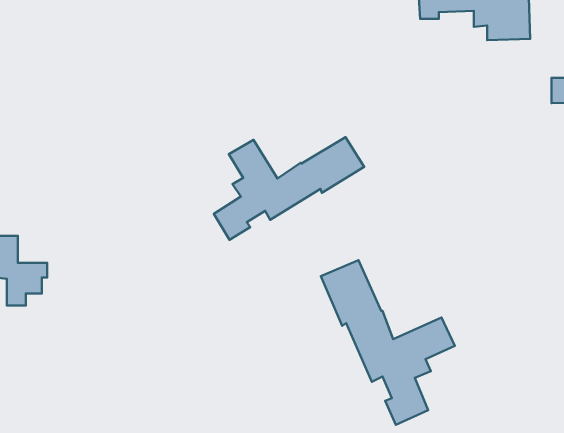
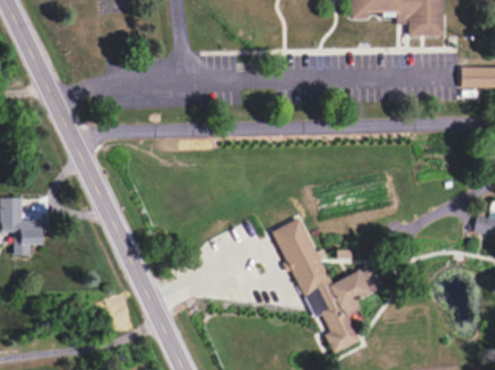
building: [214,137,364,240] -> none

